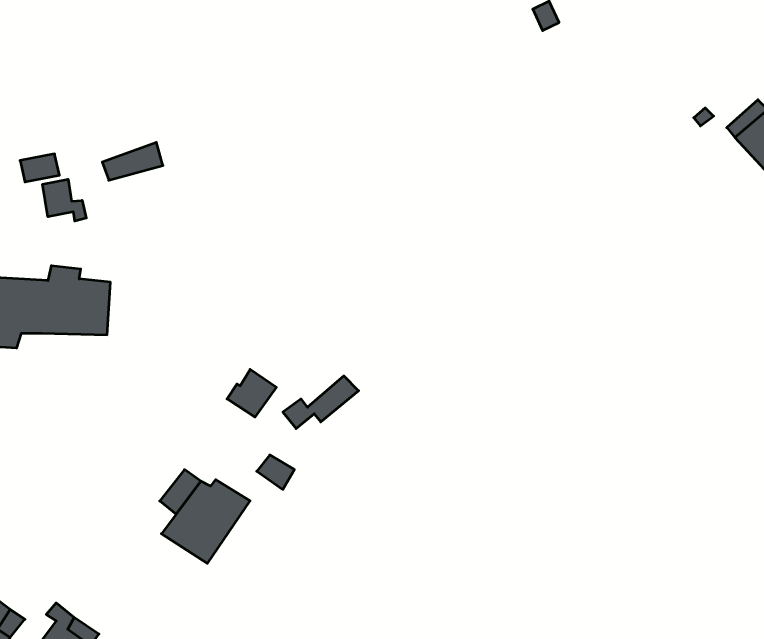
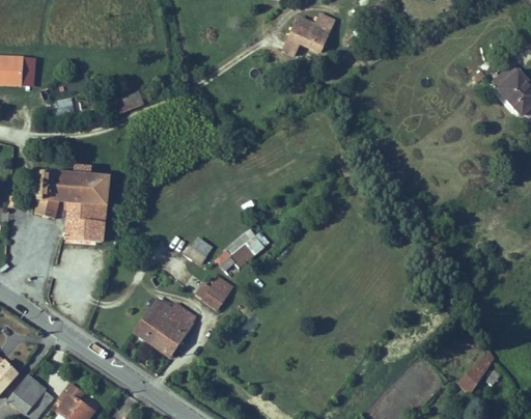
building: none -> [289,16,330,51]
building: [43,179,86,221] -> none
building: none -> [60,212,105,243]
building: none -> [458,361,485,391]

